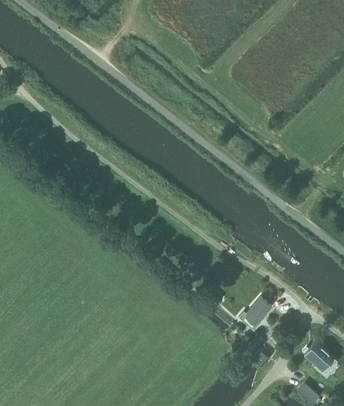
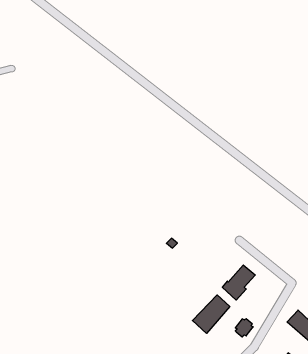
building: none -> [192,295,230,333]

